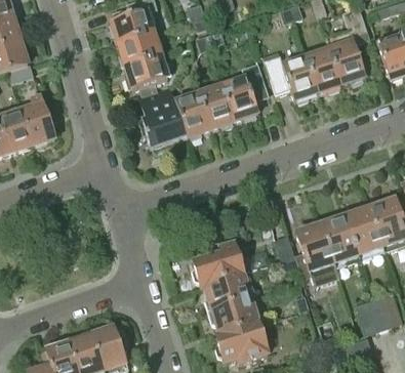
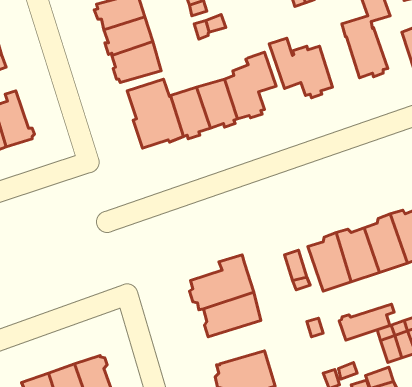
building: [306,48,340,92] -> none
building: none -> [339,304,394,340]
building: [208,296,262,334] -> none

